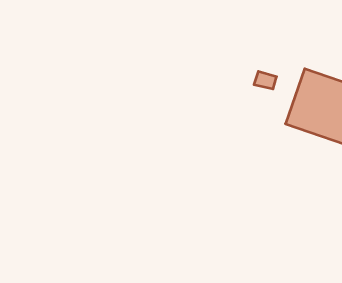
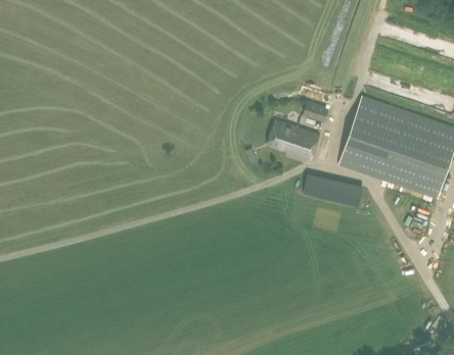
building: none -> [268,117,321,157]
building: none -> [306,179,364,208]

